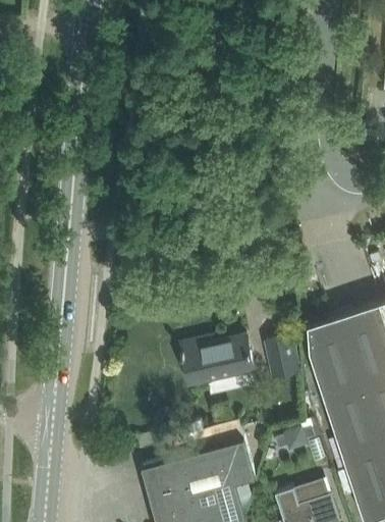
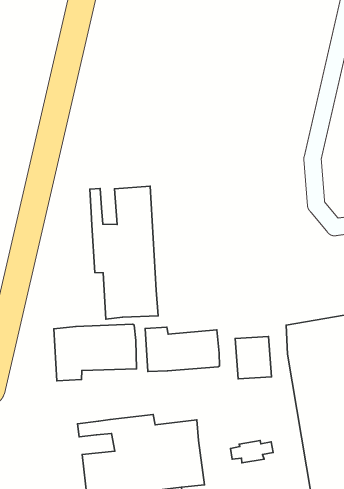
building: none -> [90,186,158,319]
building: none -> [54,324,136,381]

